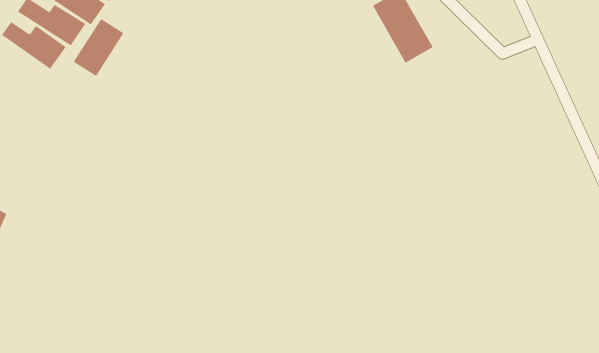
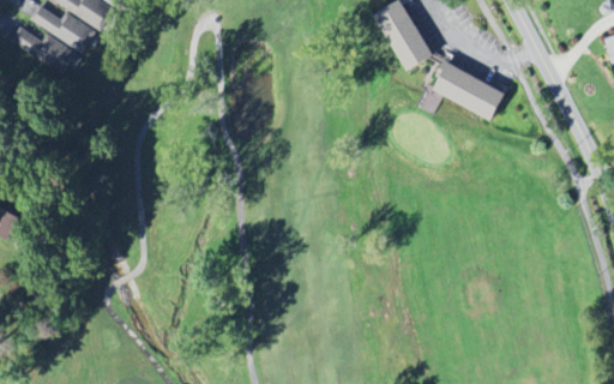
building: [73,18,124,77] -> none
building: none -> [416,62,505,119]

